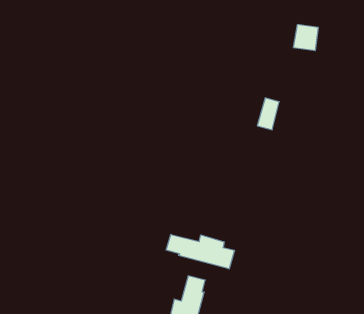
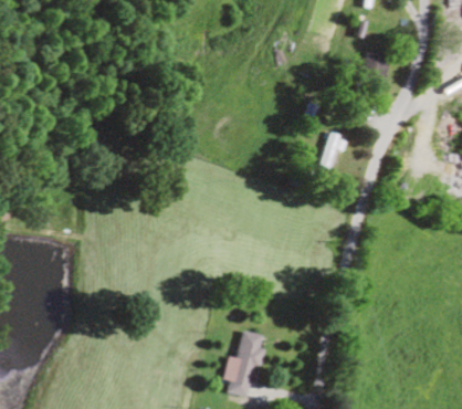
building: [166,234,234,269] -> none

